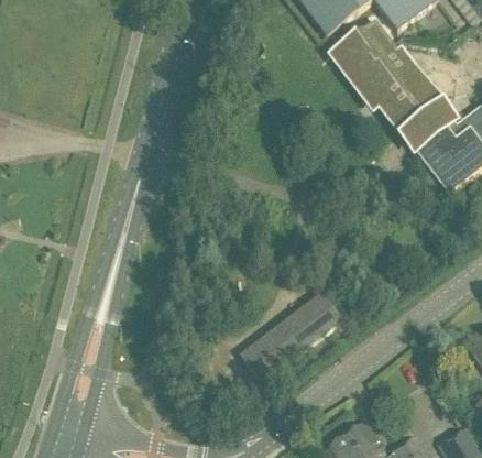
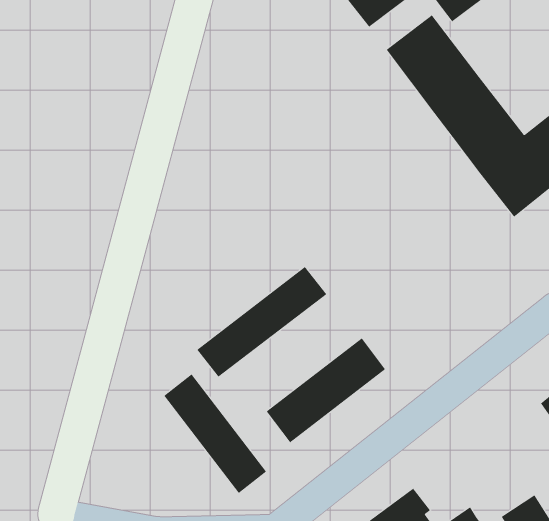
building: none -> [196,266,327,378]
building: none -> [163,373,267,494]

